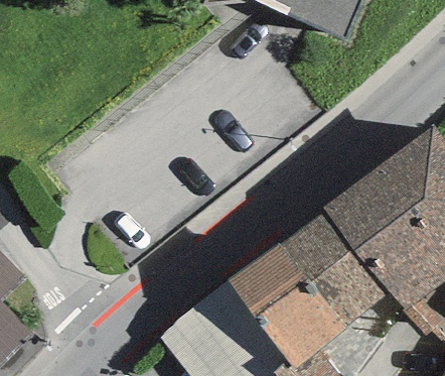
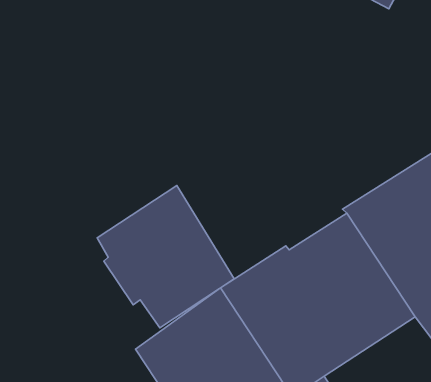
building: none -> [97,185,234,328]

